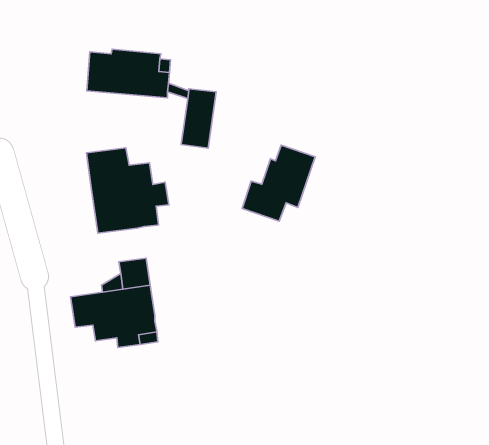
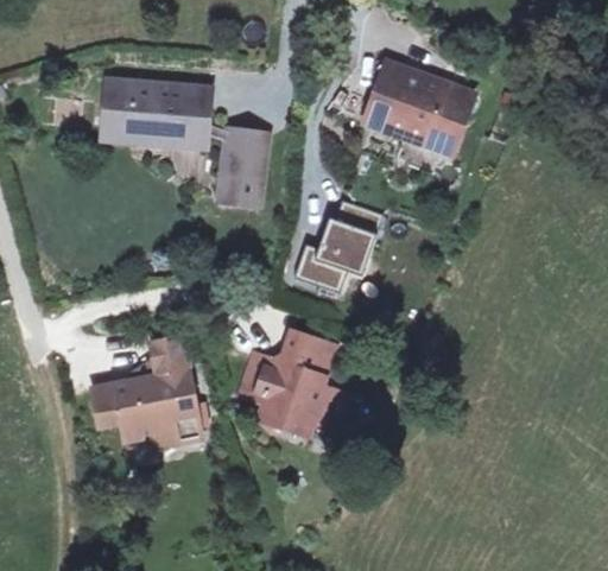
building: none -> [367,66,471,150]
building: [87,148,169,233] -> none
building: none -> [243,332,349,431]

